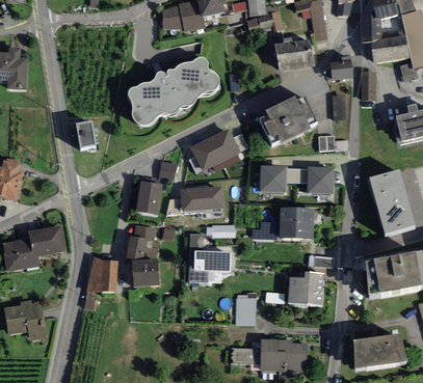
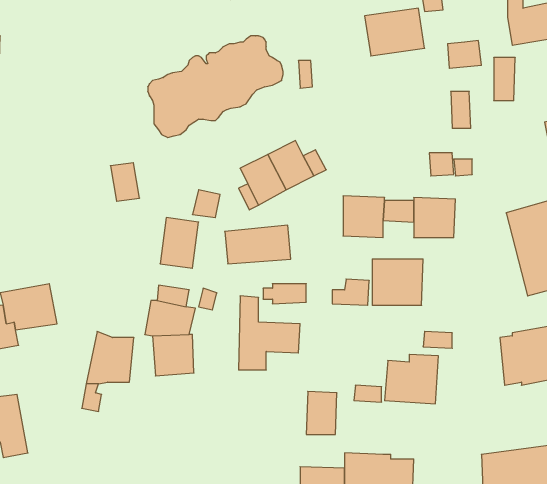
building: [259,94,316,144] -> none
building: [76,120,96,146] -> [110,163,140,201]

